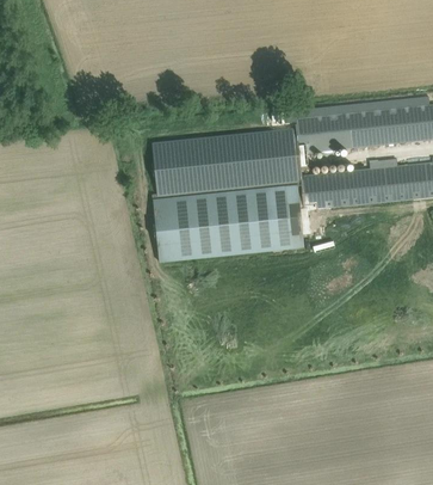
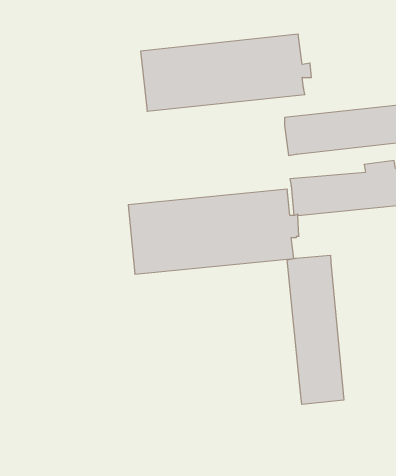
building: [151,125,308,196] -> [141,34,311,111]
building: none -> [287,255,344,404]

